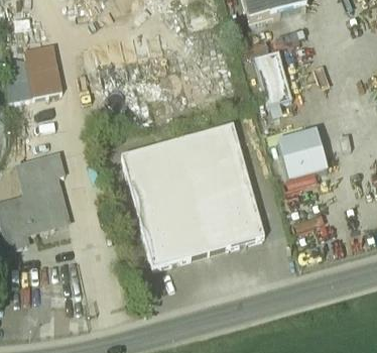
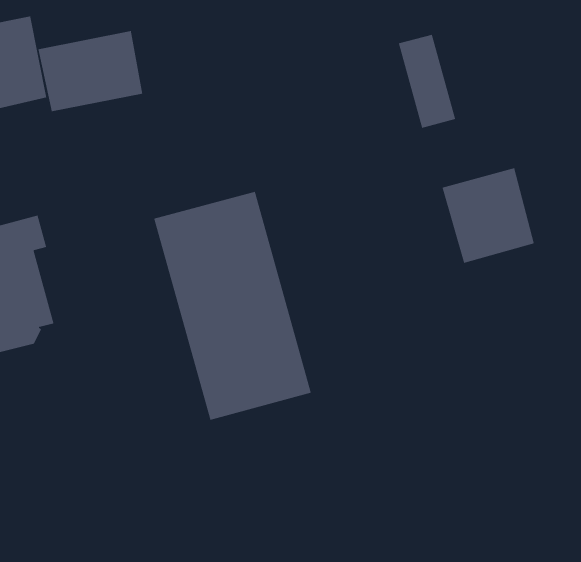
building: none -> [37,30,143,112]
building: [177,123,264,251] -> none

